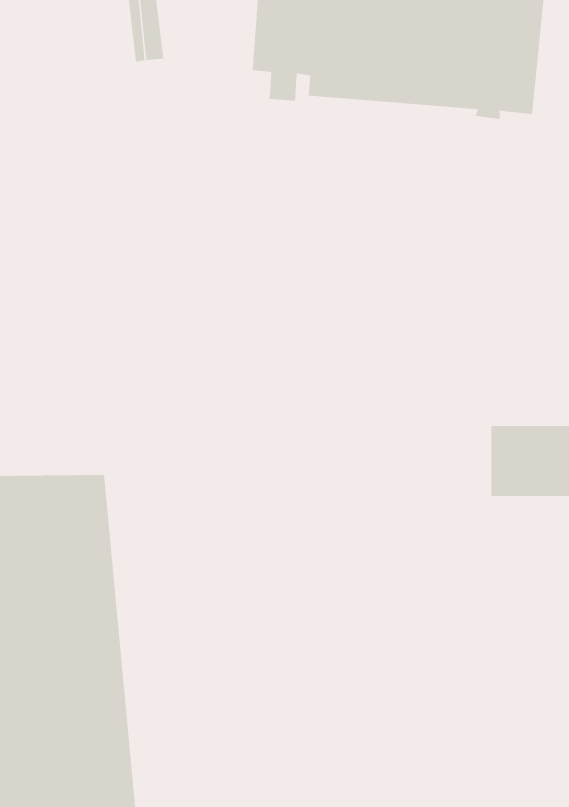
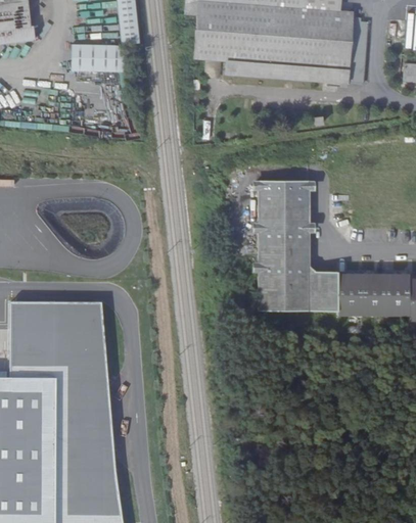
building: none -> [66,43,118,72]
building: none -> [251,185,335,310]

